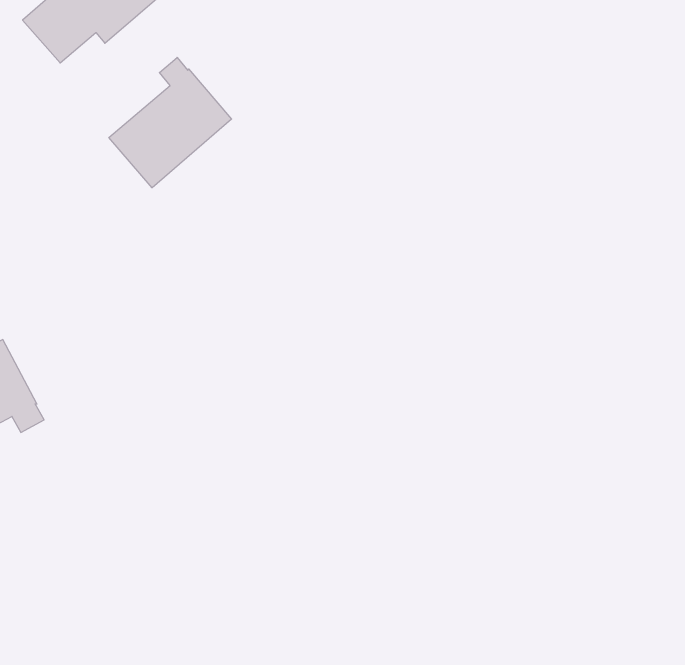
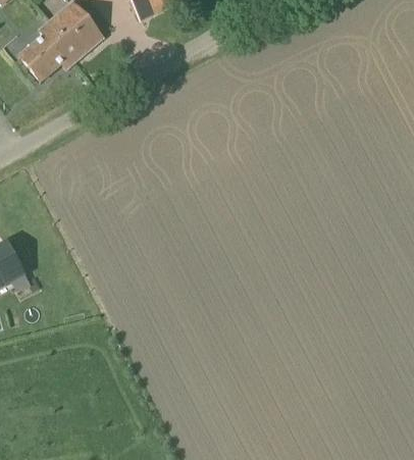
building: [109,57,232,188] -> none

